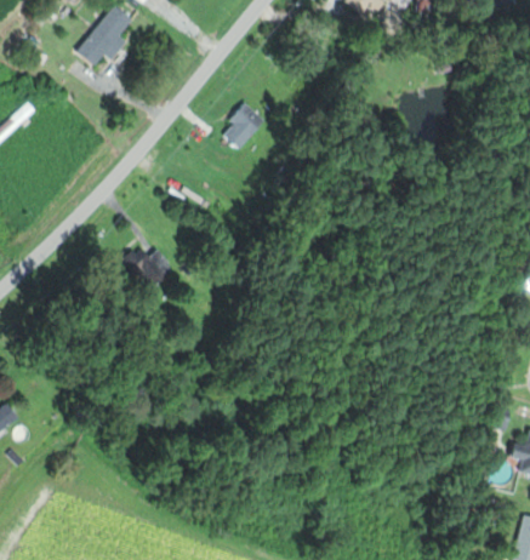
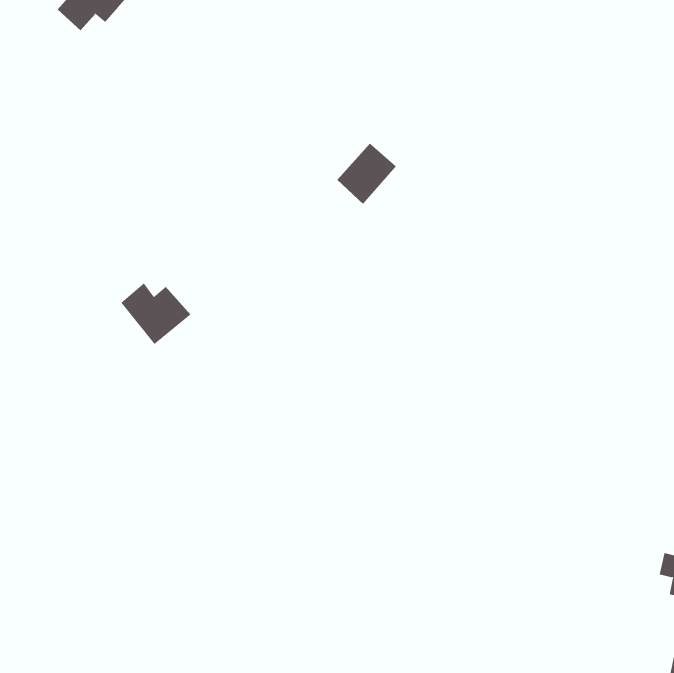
building: [221,103,264,148] -> [336,143,397,205]

